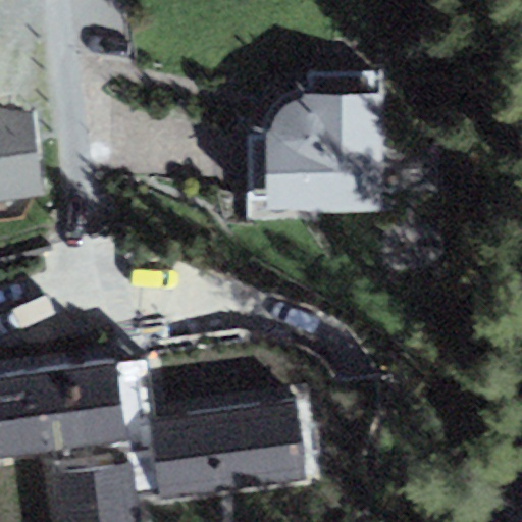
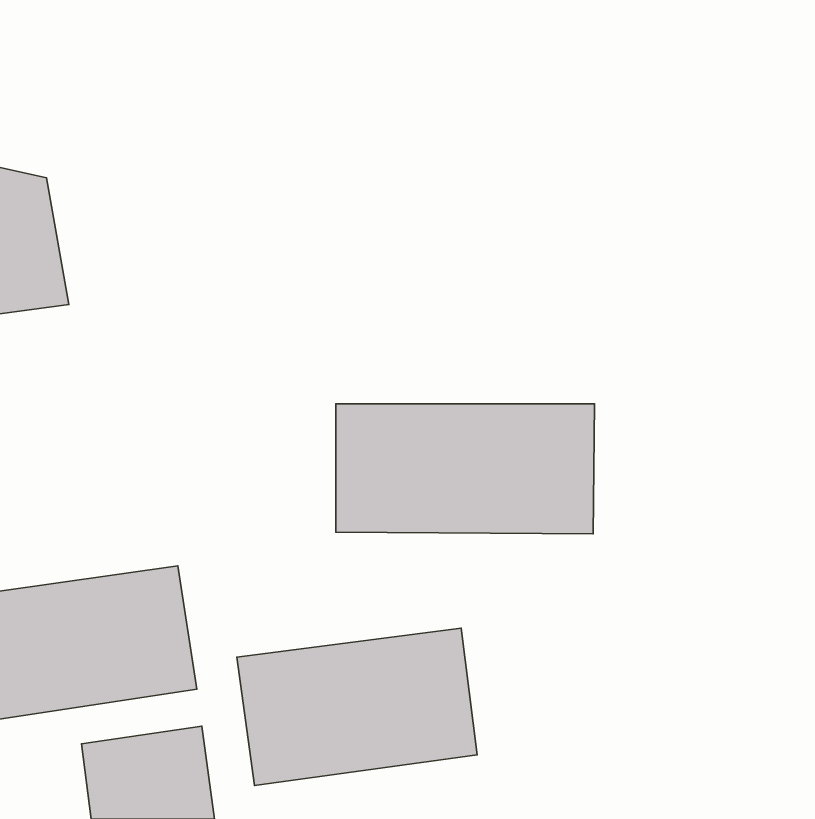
building: [266,95,379,209] -> none
building: none -> [336,404,595,534]

